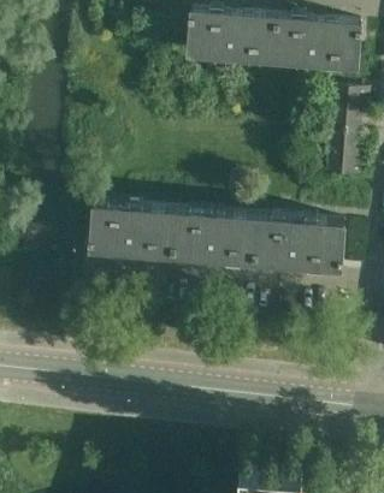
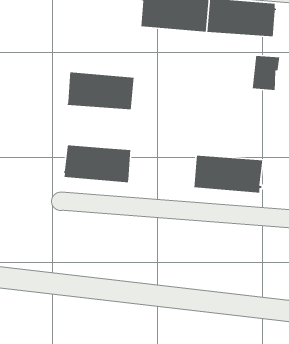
building: [324,137,358,180] -> none
building: [170,214,256,263] -> [67,72,134,110]

